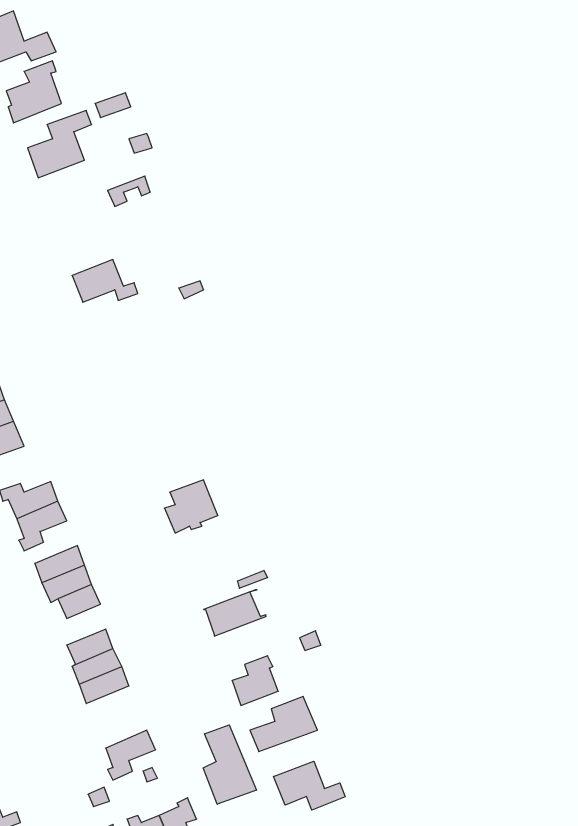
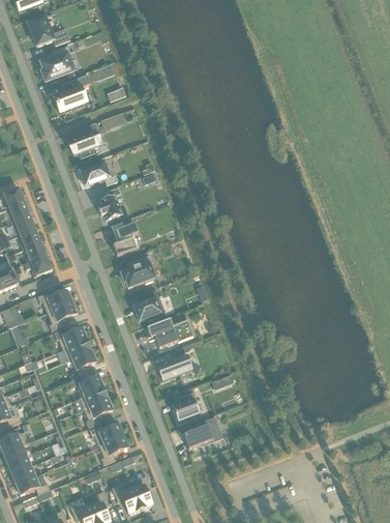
building: none -> [68,124,100,157]
building: none -> [98,186,123,221]
building: none -> [113,223,139,255]
building: none -> [121,254,155,286]
building: none -> [147,319,188,348]
building: none -> [89,424,123,445]
building: [203,725,256,804] -> none
building: [274,761,345,810] -> none

